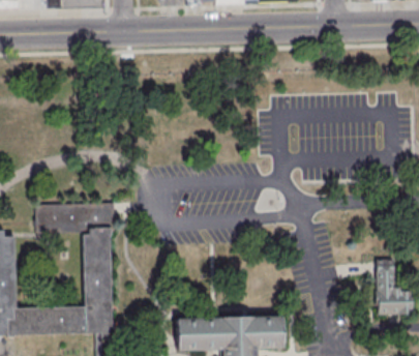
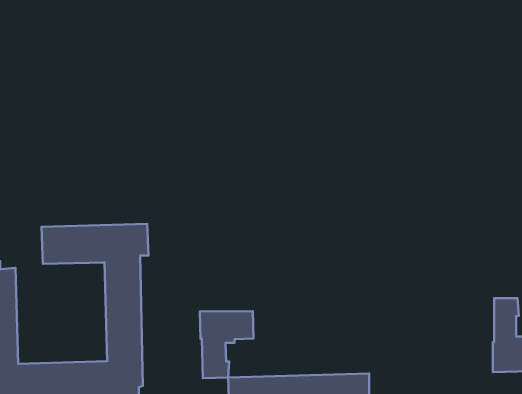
building: none -> [200,311,254,378]

